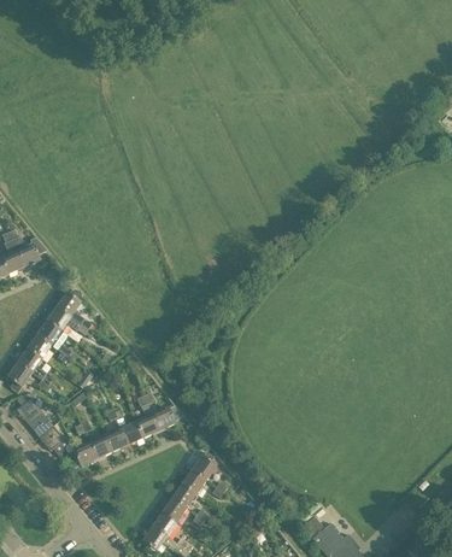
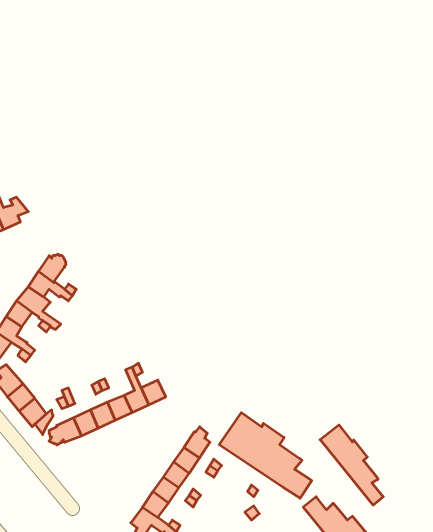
building: none -> [219,413,312,498]
building: none -> [320,425,383,505]

